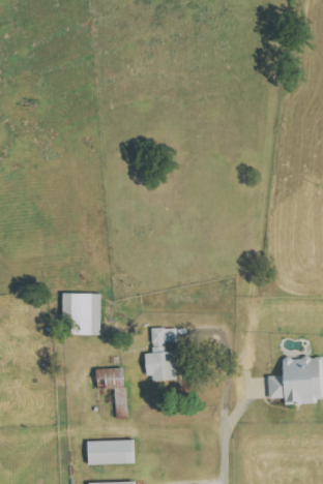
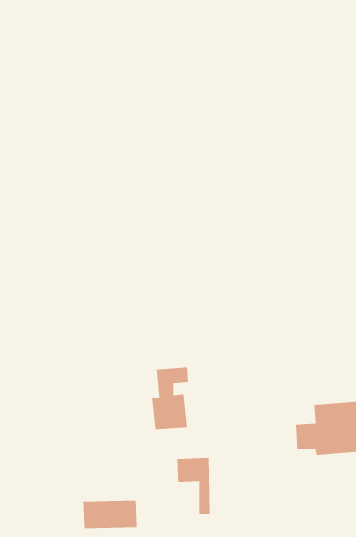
building: [62,292,100,334] -> none
building: [96,367,125,416] -> [176,457,211,515]

